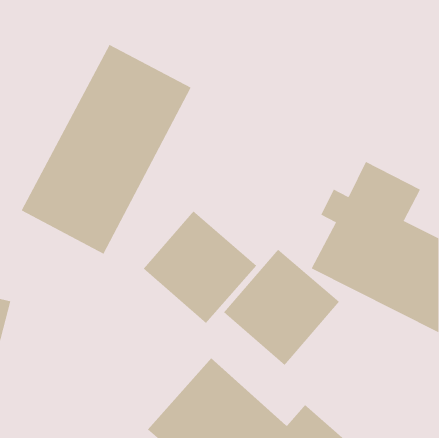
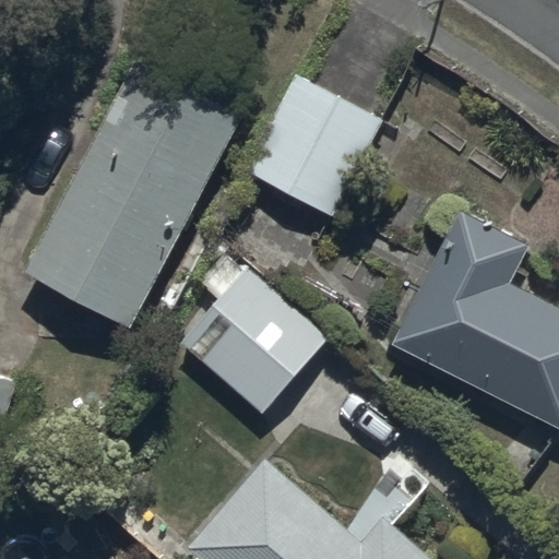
building: none -> [243,75,383,218]
building: [223,249,340,366] -> none

